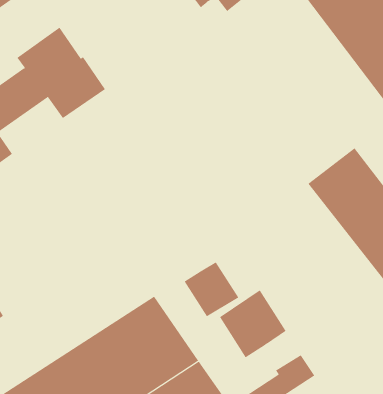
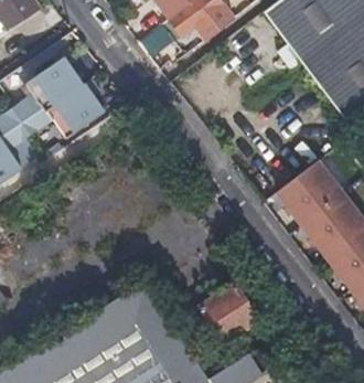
building: [184,262,239,317] -> none

